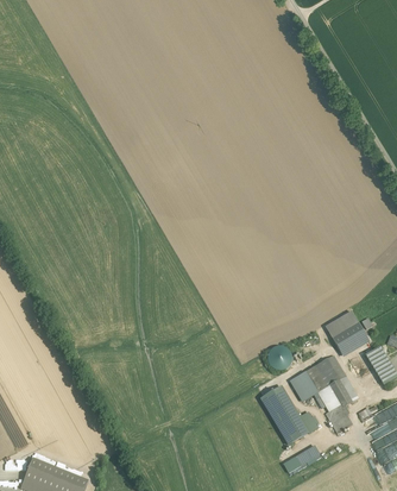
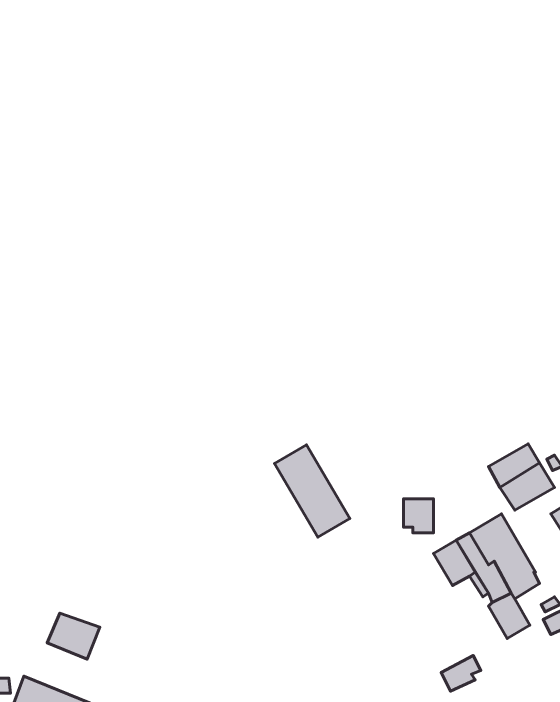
building: [261,386,309,445] -> [274,445,350,537]
building: none -> [47,613,100,659]

